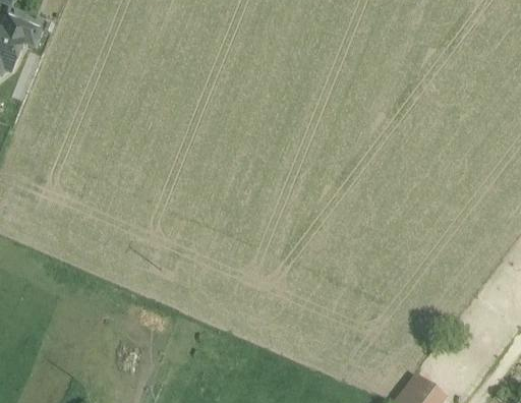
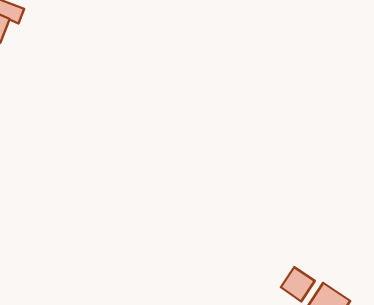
building: none -> [281,267,315,302]

